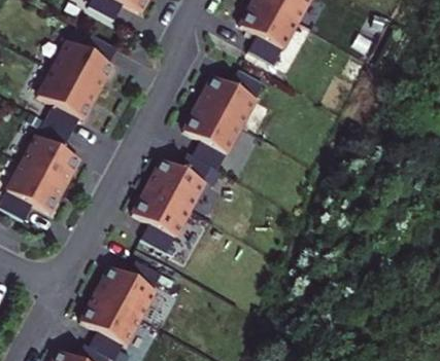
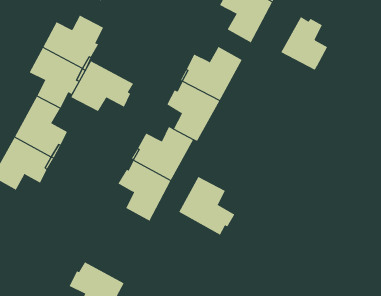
building: none -> [281,16,328,70]
building: none -> [70,61,134,112]
building: none -> [179,176,235,236]
building: [96,258,160,318] -> none

